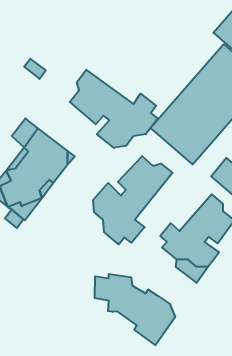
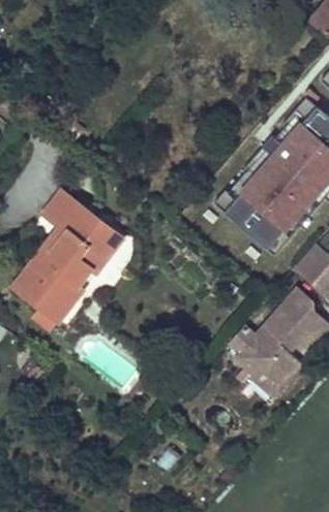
building: [70,70,158,148] -> none
building: [93,156,173,244] -> none
building: [95,274,175,345] -> none

